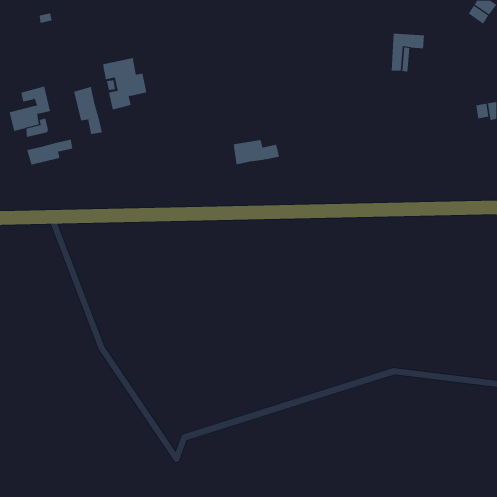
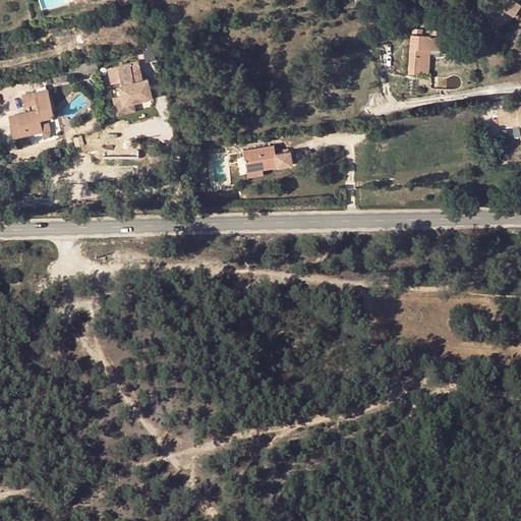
building: [73,86,102,135] -> none
building: [27,139,73,165] -> none

